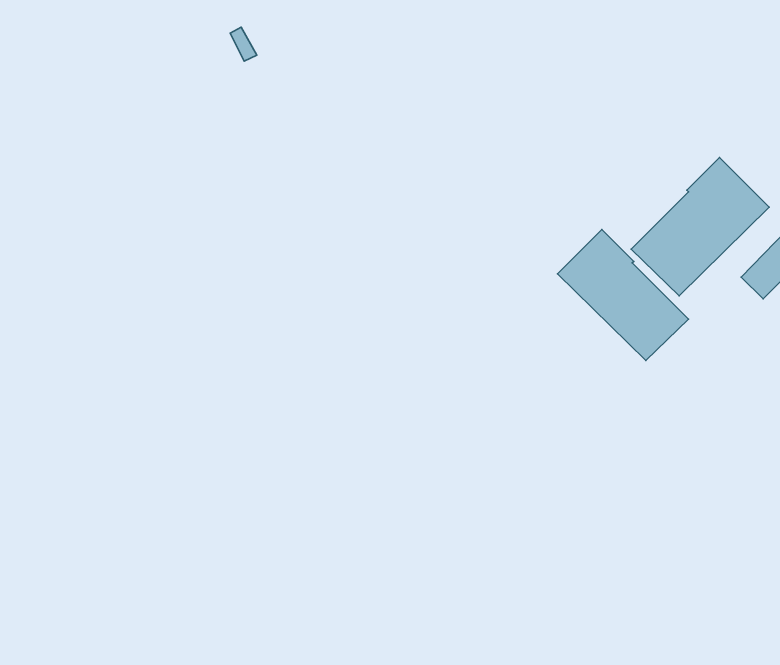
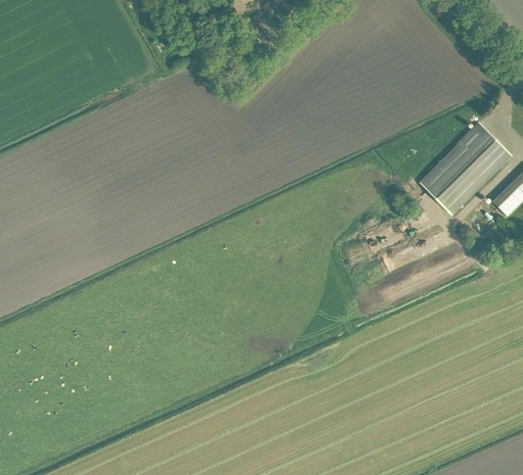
building: [558,230,689,361] -> none

